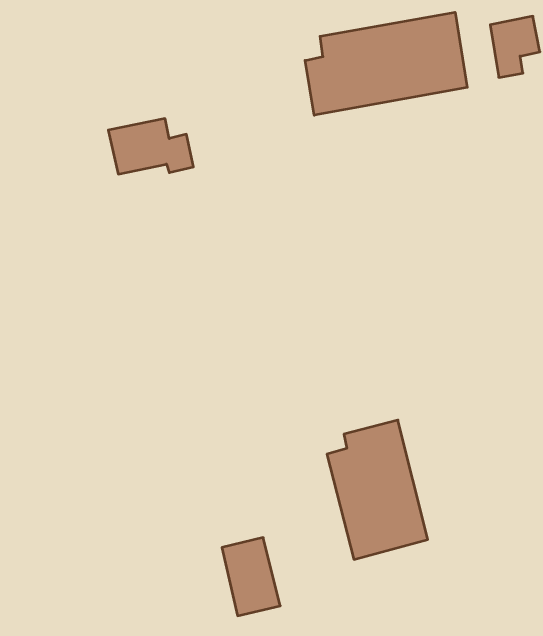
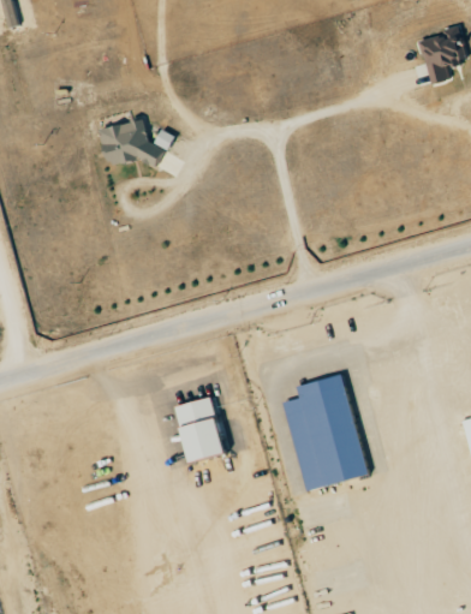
building: [305,12,467,115] -> none
building: [222,538,280,616] -> [177,395,226,461]

